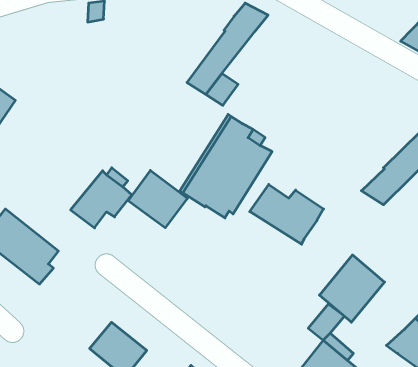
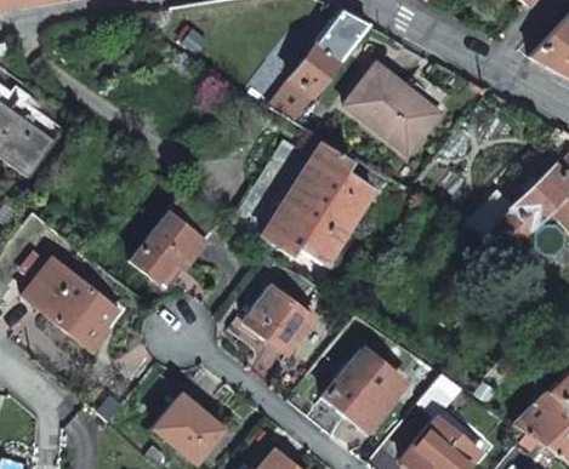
building: none -> [345,64,439,153]
building: [128,170,187,228] -> [243,284,314,353]
building: [250,184,324,244] -> none
building: [319,255,385,322] -> [323,348,402,429]

